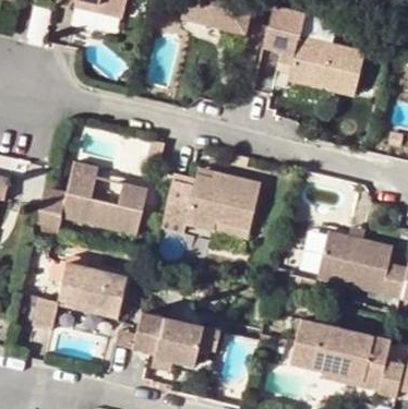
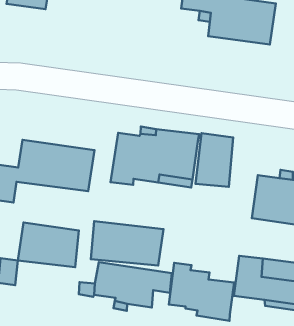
building: none -> [195,133,233,187]
building: none -> [91,221,163,266]
building: none -> [169,263,234,321]

